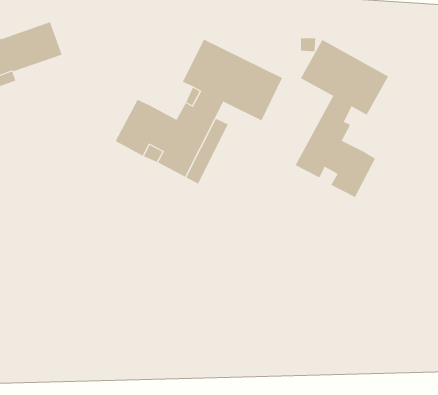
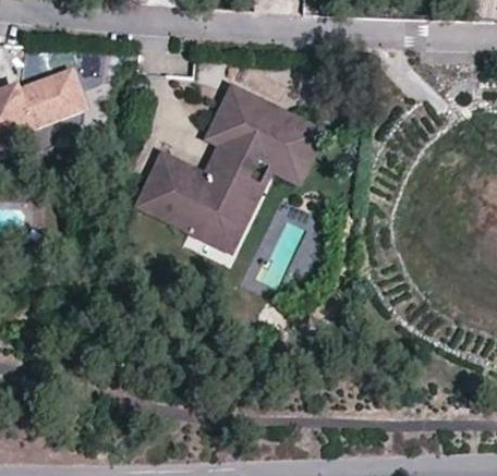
building: [295,39,389,198] -> none

